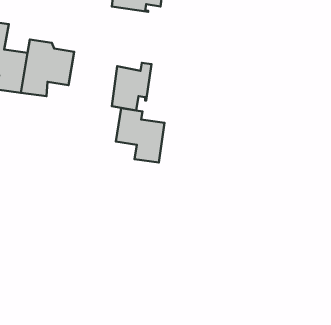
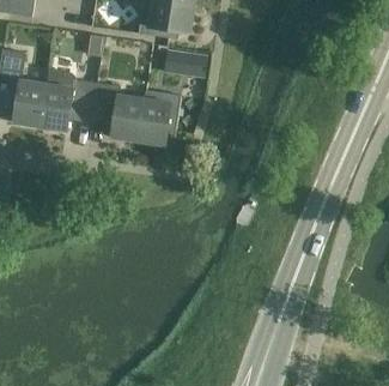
building: none -> [163,48,207,78]
building: [116,108,164,163] -> [91,82,144,140]

